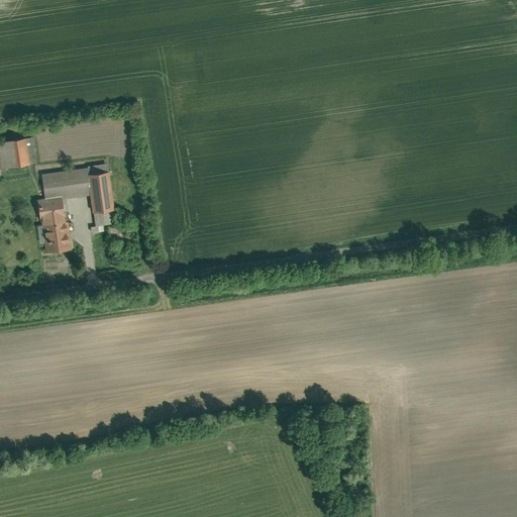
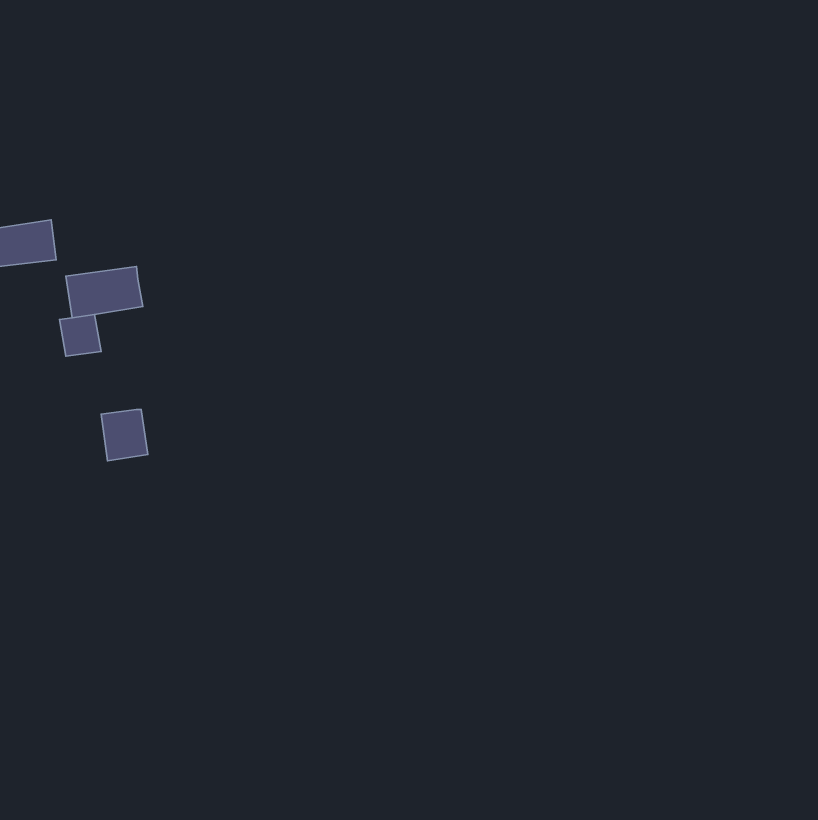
building: [87,172,114,211] -> none
building: [41,221,71,253] -> [101,409,148,461]

